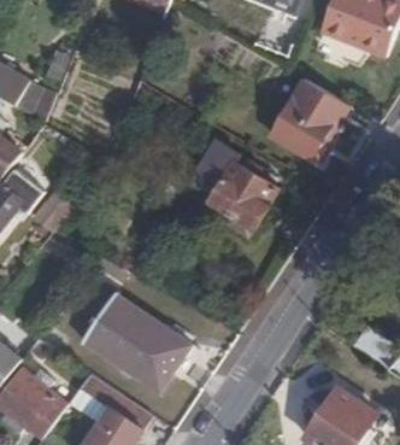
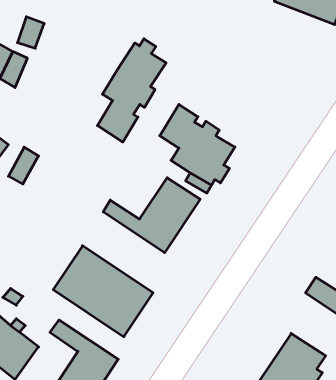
building: none -> [97,39,166,142]
building: [269,80,348,160] -> none
building: none -> [103,178,200,253]

